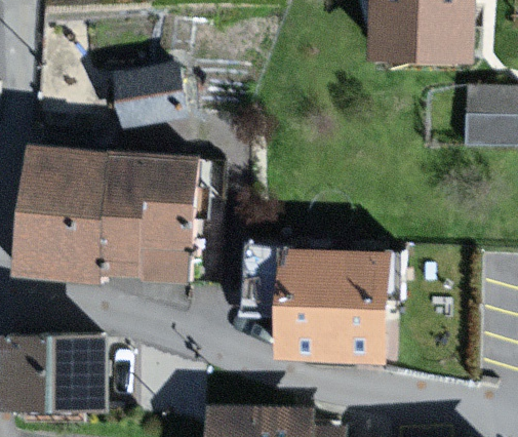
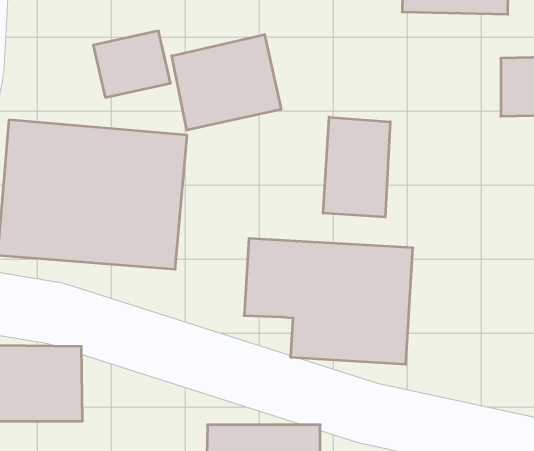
building: none -> [172,34,281,130]
building: none -> [323,117,390,217]

